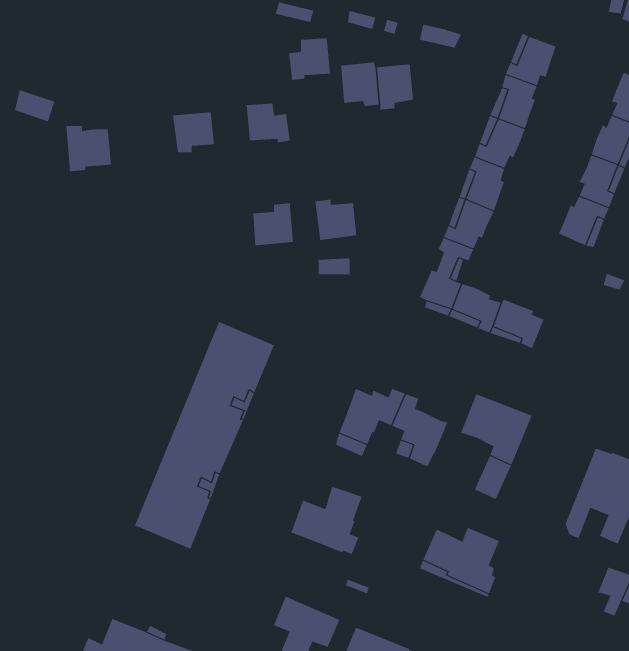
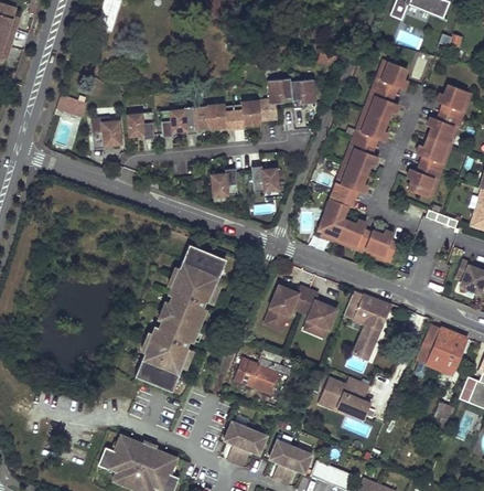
building: [288,38,331,81] -> [233,100,260,128]
building: none -> [184,105,208,134]
building: none -> [126,111,153,138]

